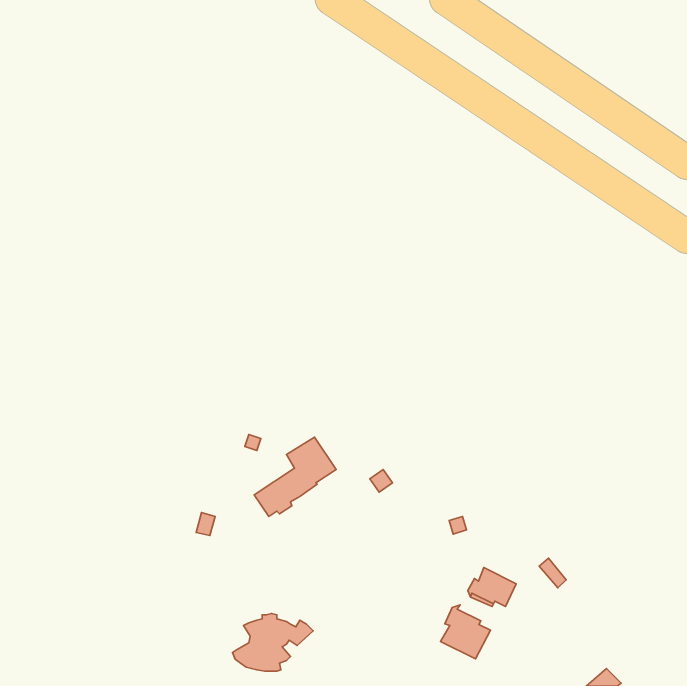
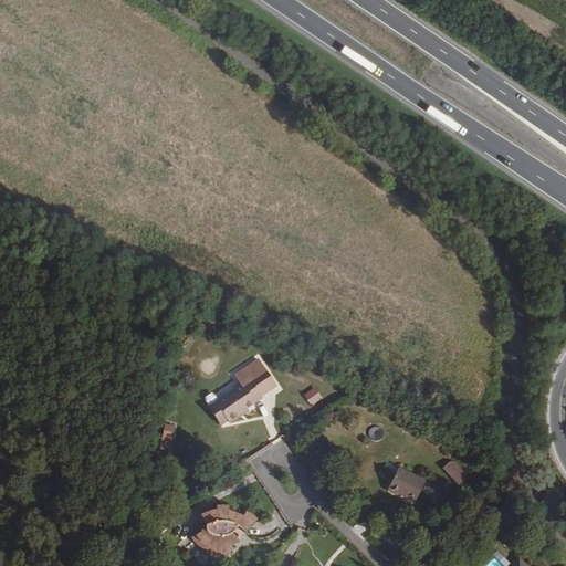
building: [441,605,491,659] -> none

